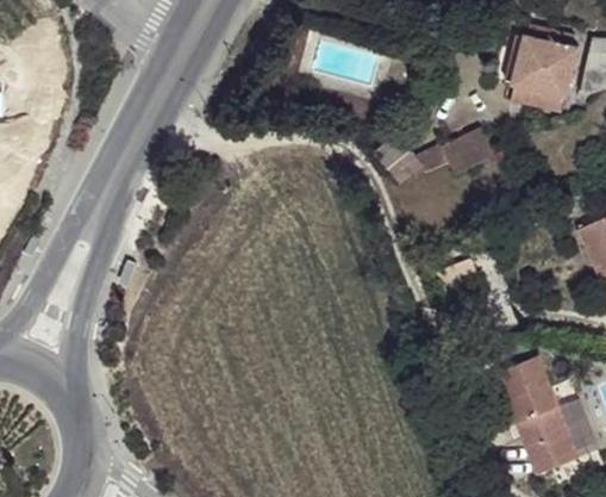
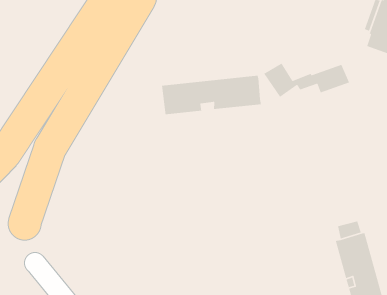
building: none -> [161,75,262,115]

